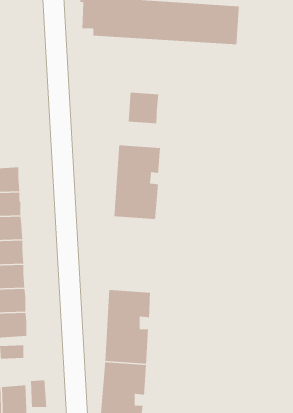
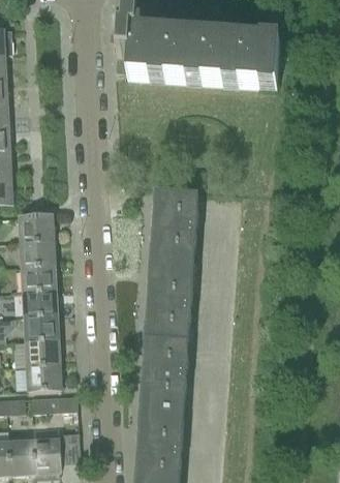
building: [128,92,160,124] -> none
building: none -> [144,265,192,342]

